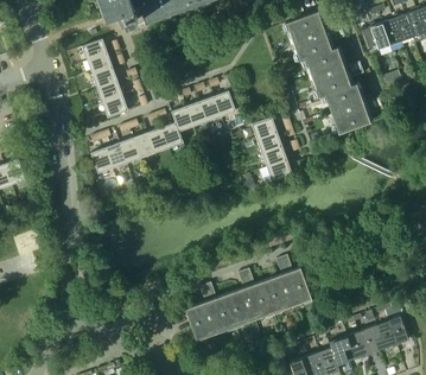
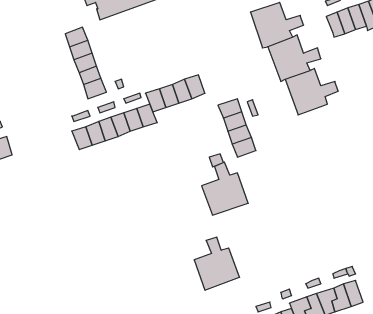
building: [262,255,313,313] -> [202,162,248,215]
building: [185,282,236,341] -> none

